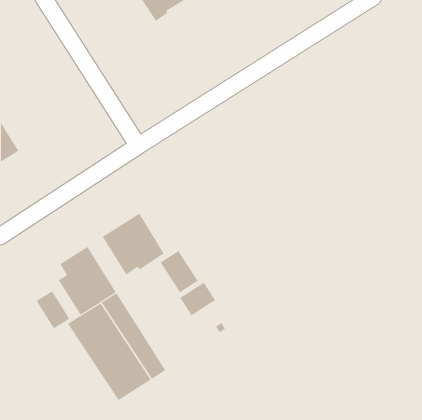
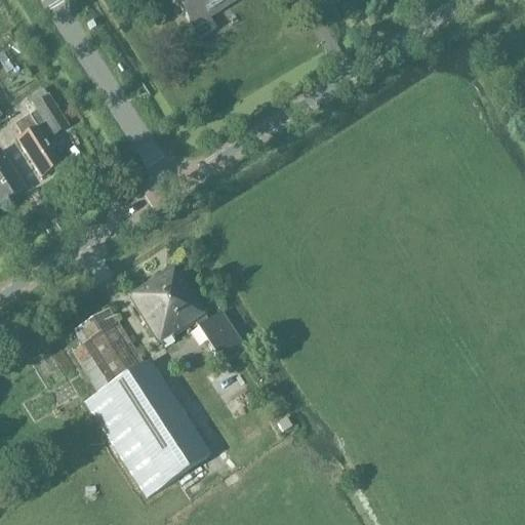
building: none -> [14,87,69,176]
building: [180,282,216,316] -> none
building: [36,290,70,329] -> none

